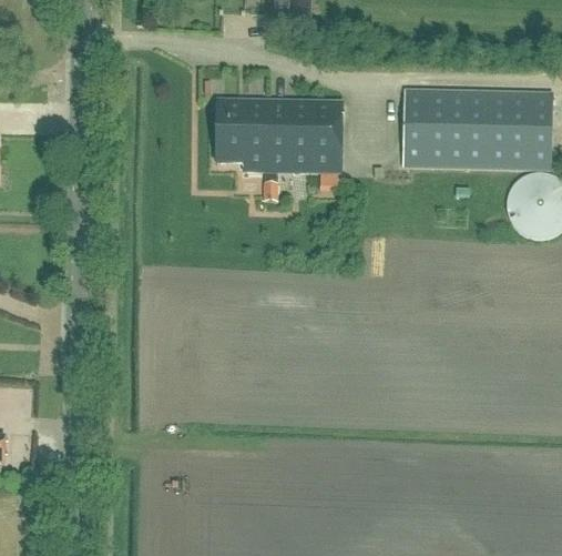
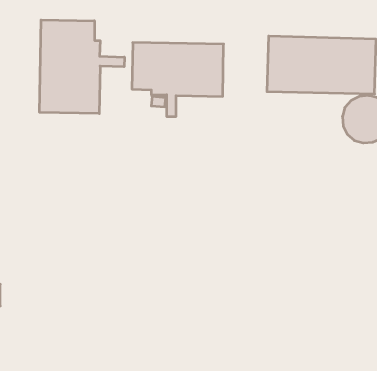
building: none -> [40,20,124,114]

